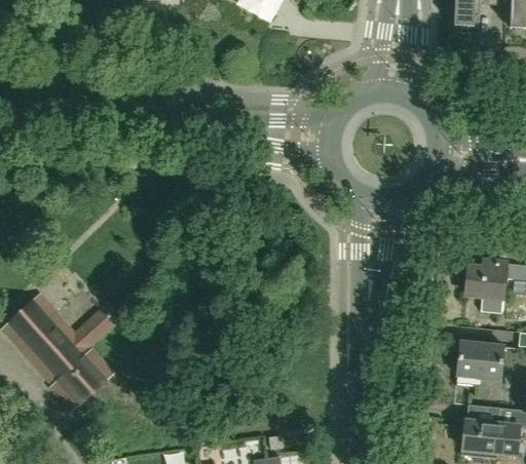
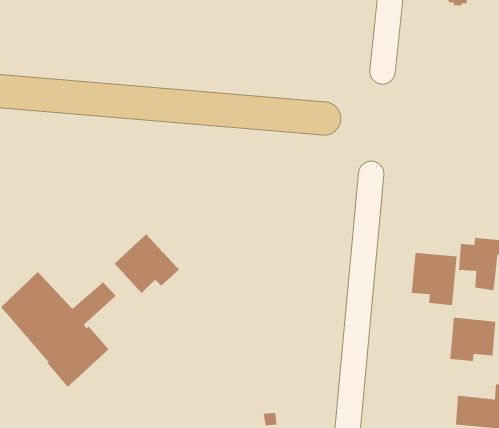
building: none -> [114,233,181,294]
building: none -> [411,252,457,308]

